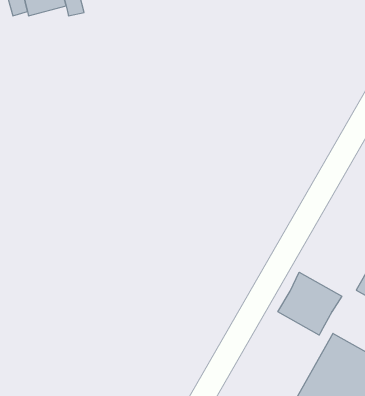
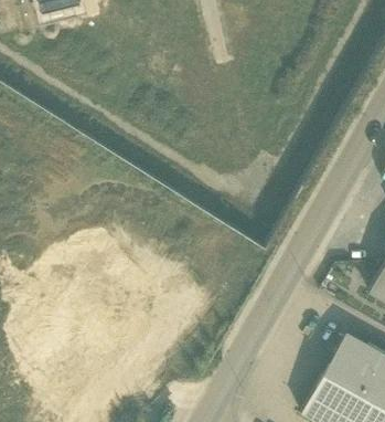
building: [278,272,342,335] -> none

